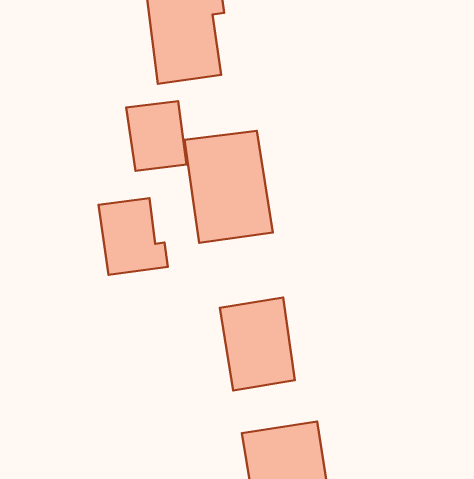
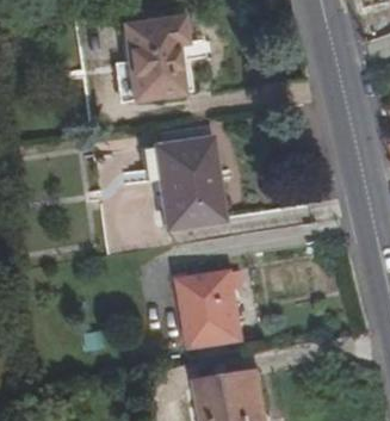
building: [126,101,186,171] -> none
building: [99,198,168,275] -> none

